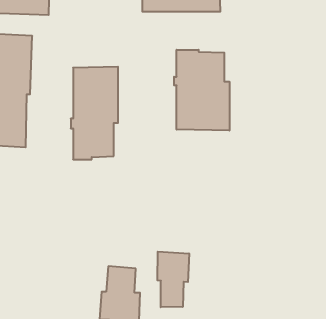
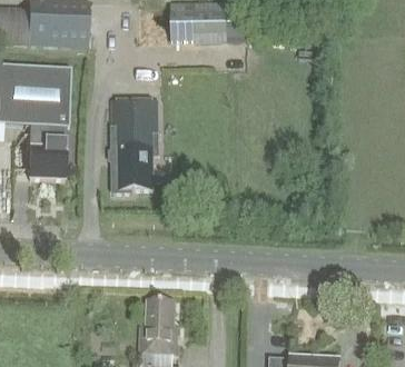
building: [174,50,229,131] -> none
building: [157,252,189,307] -> none

